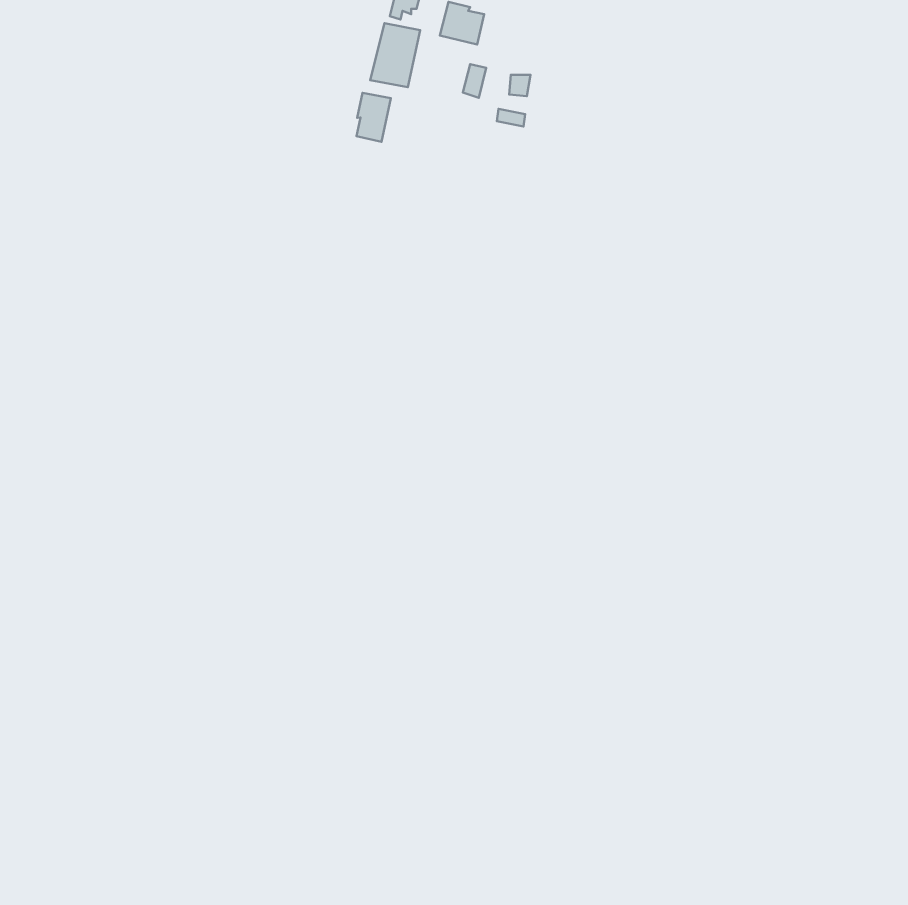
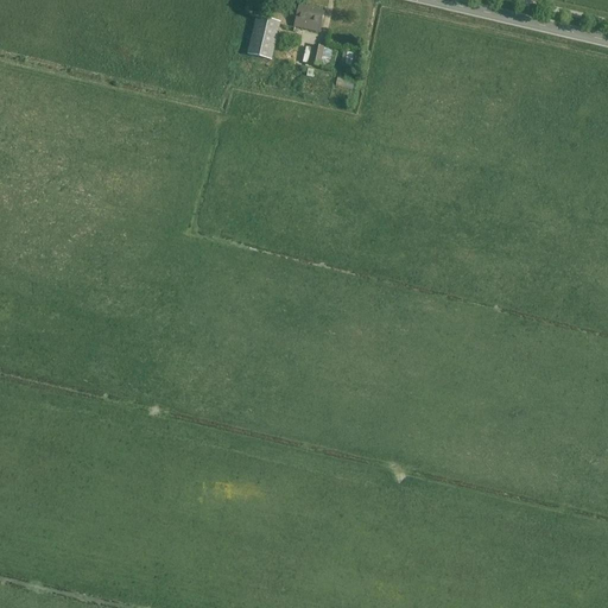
building: [356,93,391,142] -> none

